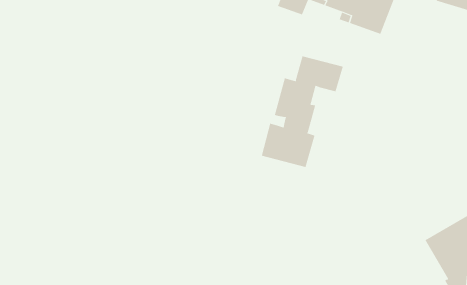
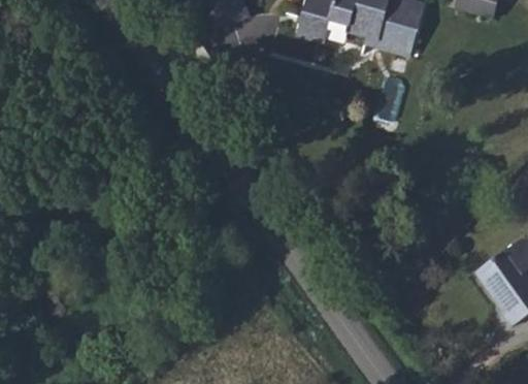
building: [261,56,343,168] -> none

